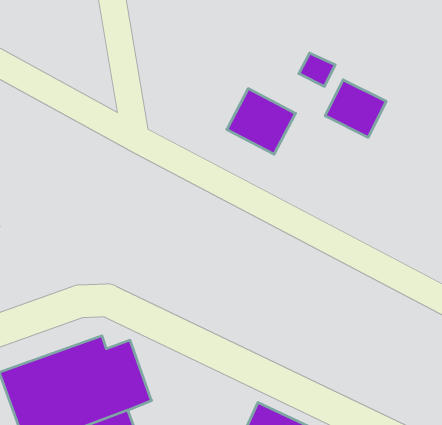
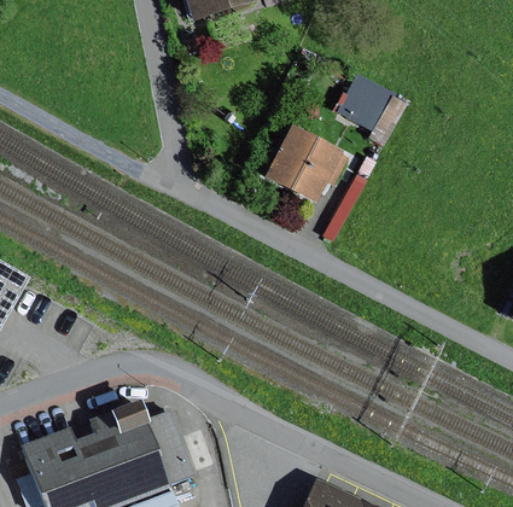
building: [325,80,386,137] -> none

